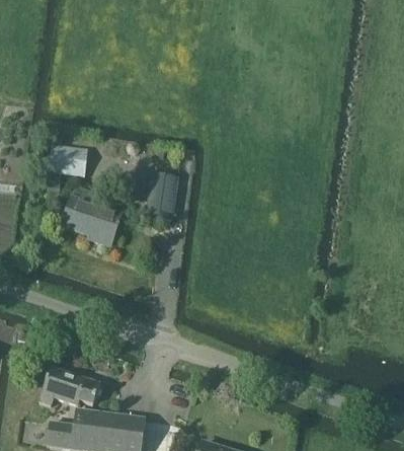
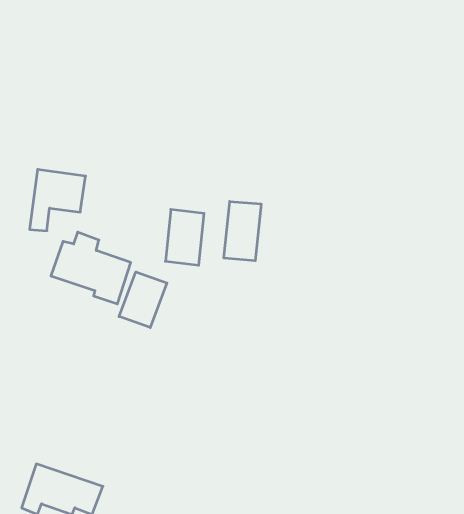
building: none -> [224,201,261,261]
building: none -> [119,272,167,328]

